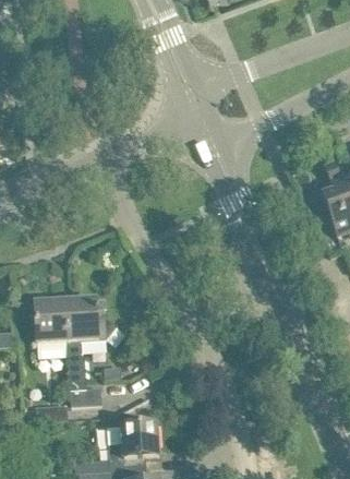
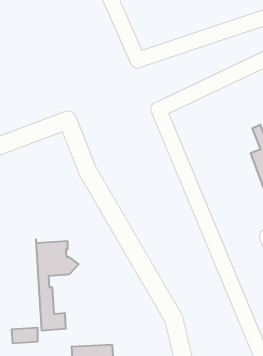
building: [34,297,68,358] -> none

